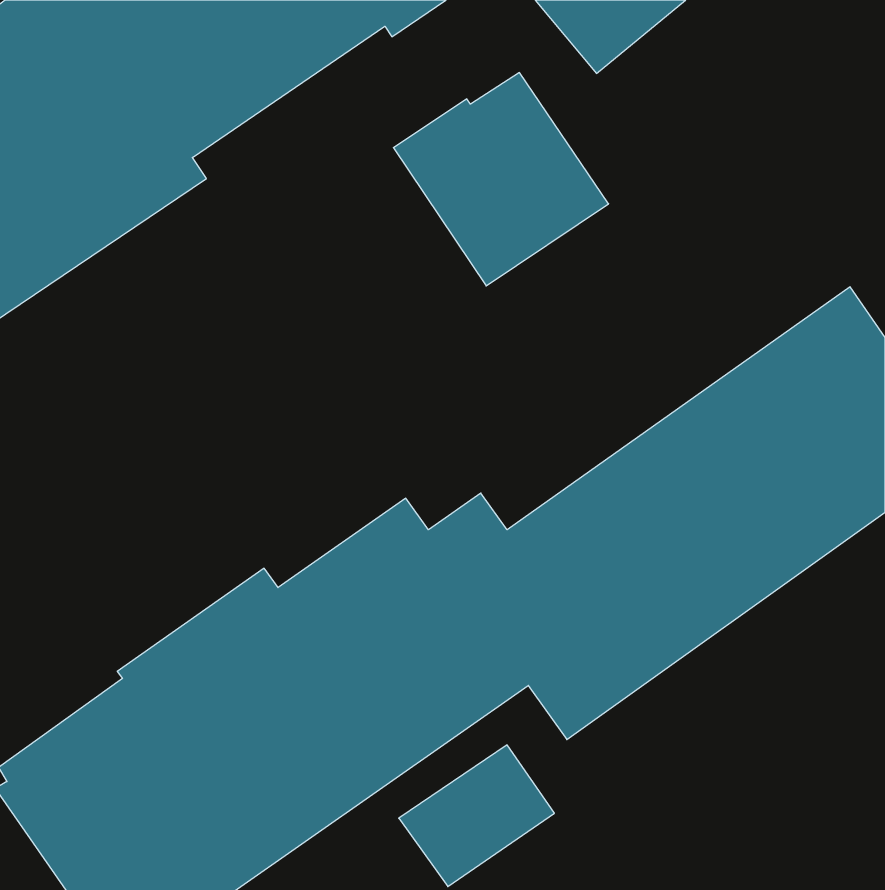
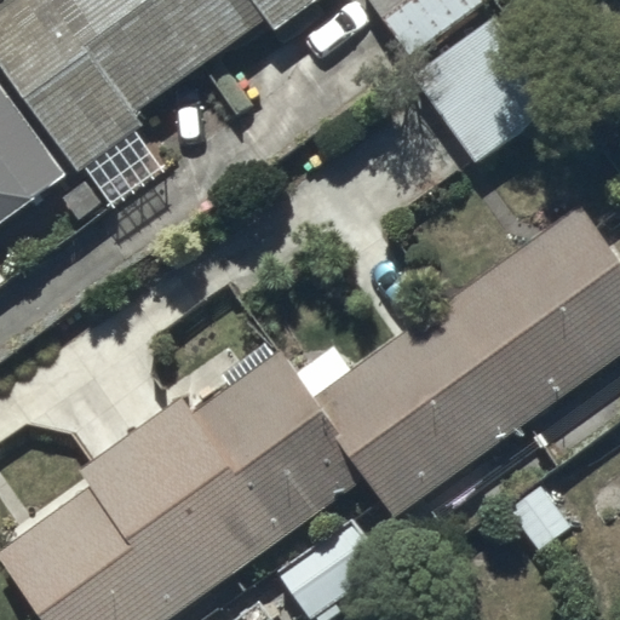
building: [393,73,609,286] -> [412,13,561,161]

